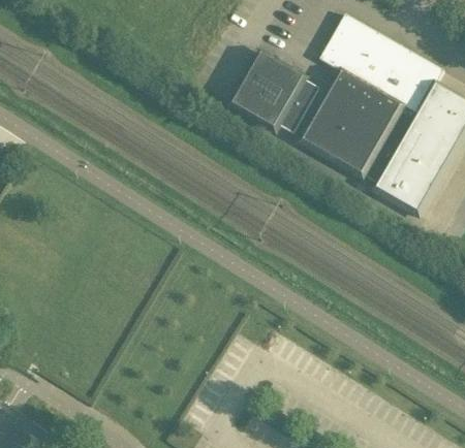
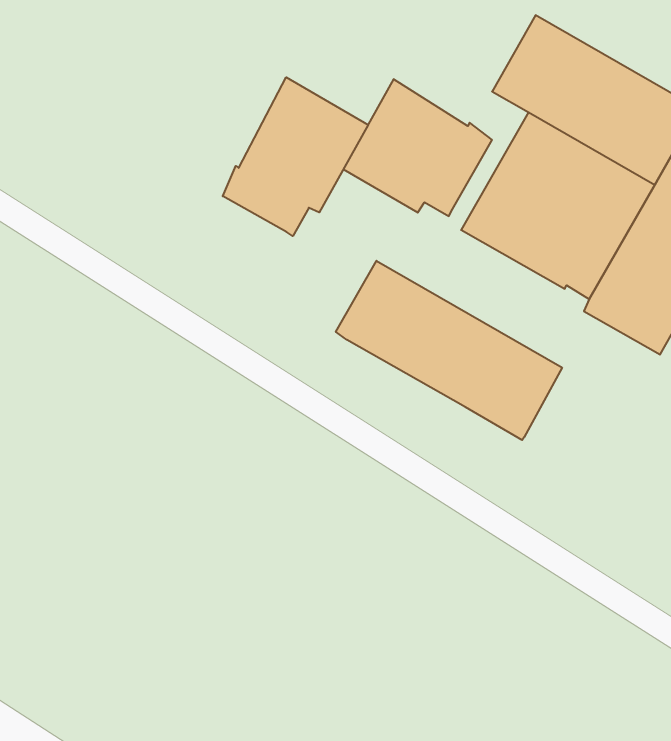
building: none -> [223,77,368,236]
building: none -> [336,261,562,440]

